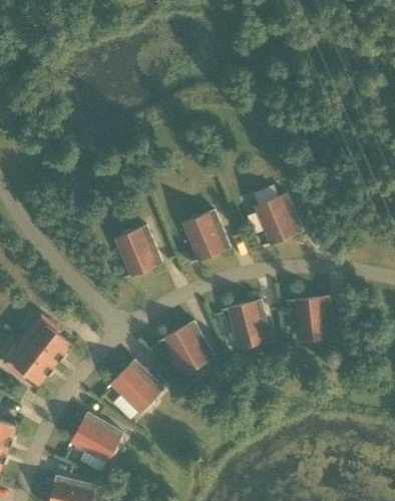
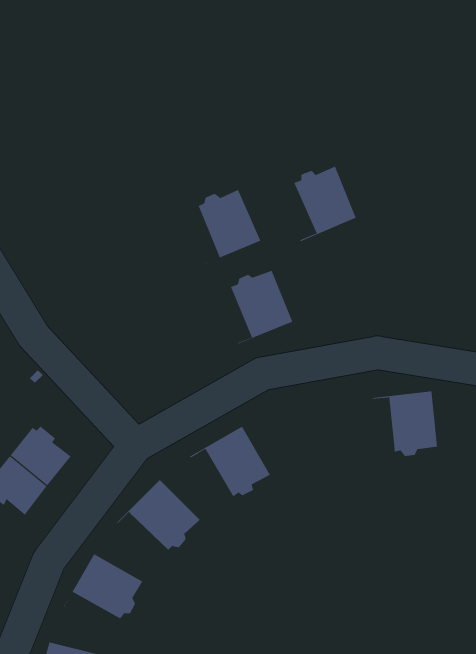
building: [255,193,300,247] -> [293,166,357,242]
building: [115,225,160,280] -> [198,189,261,265]
building: [217,300,269,349] -> none

